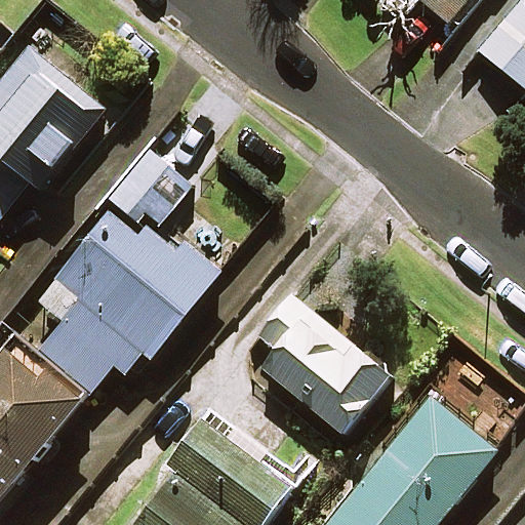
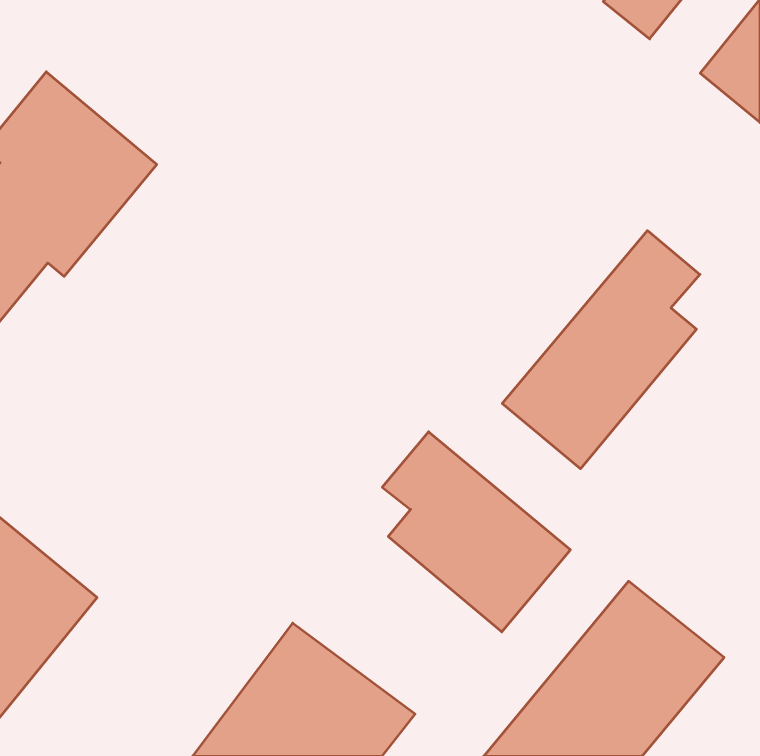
building: [33,153,212,395] -> none
building: none -> [502,231,700,469]

